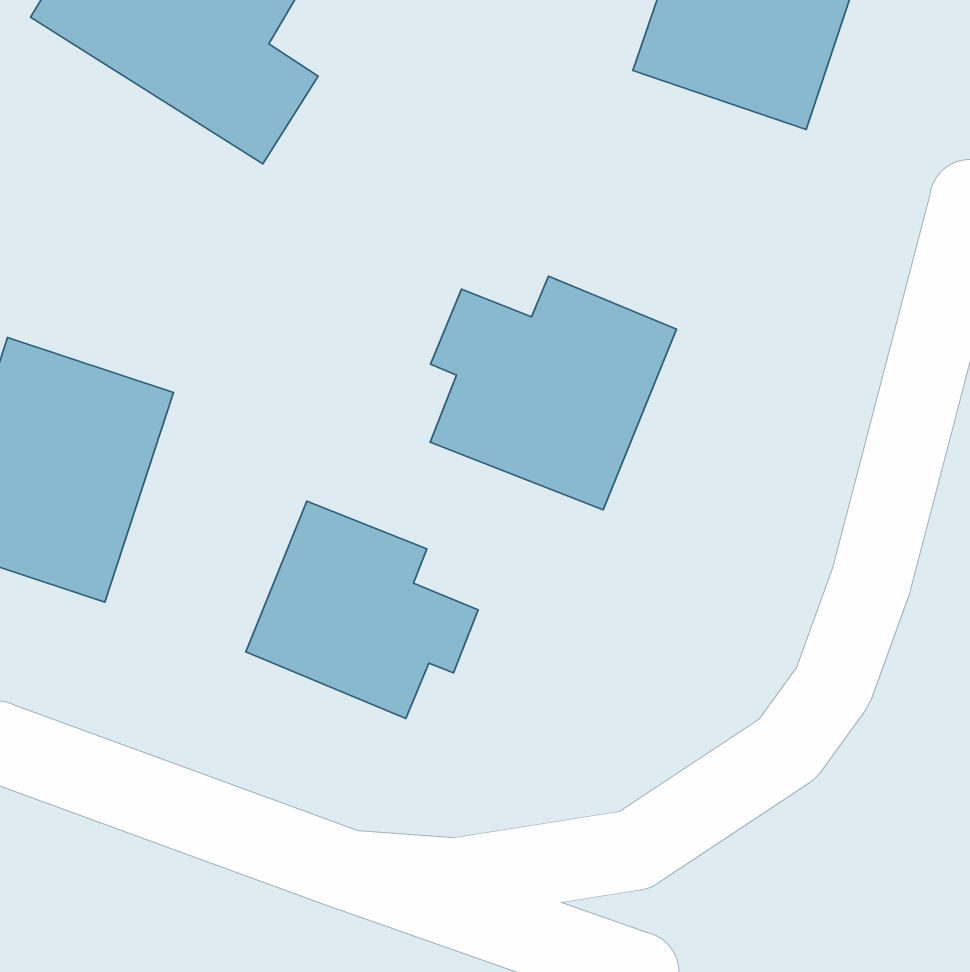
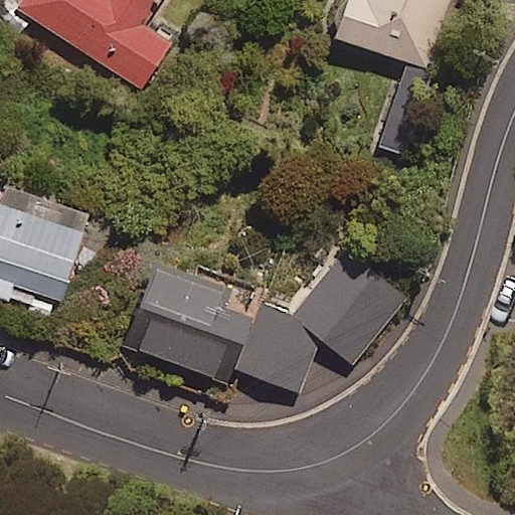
building: [430,276,677,510] -> none
building: none -> [243,248,405,393]

